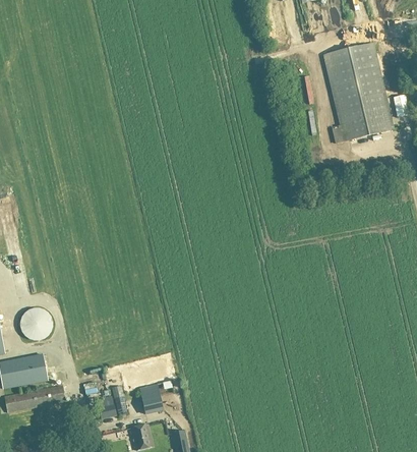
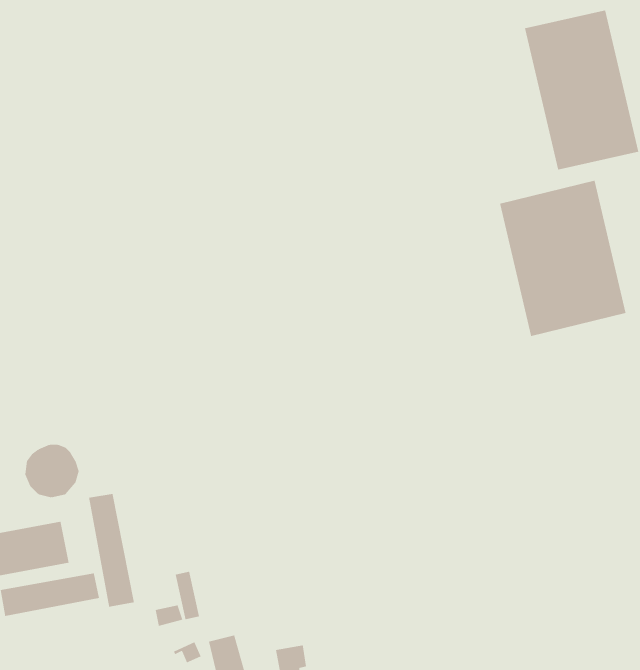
building: none -> [499,180,626,337]
building: none -> [89,493,135,608]
building: [138,383,162,412] -> none

